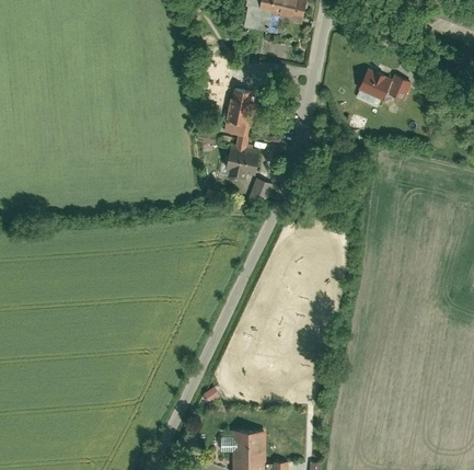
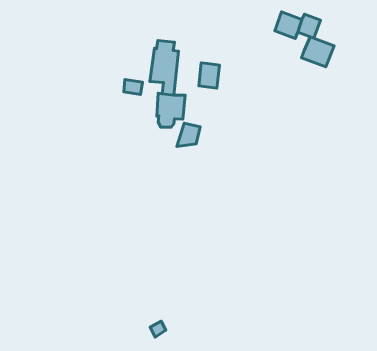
building: none -> [302,37,334,67]
building: none -> [199,63,219,88]

